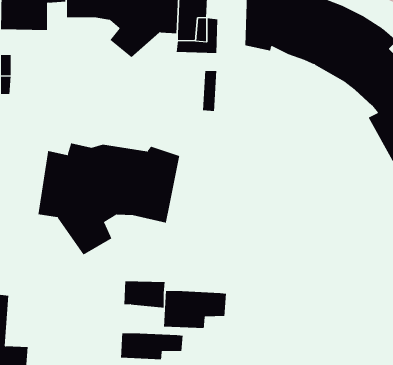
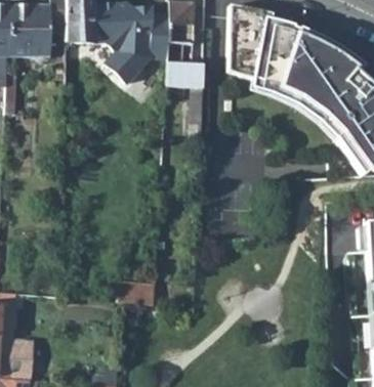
building: [38,142,180,256] -> none
building: [164,290,226,329] -> none
building: [121,332,183,360] -> none

